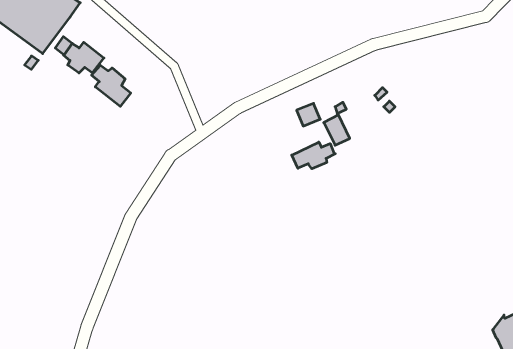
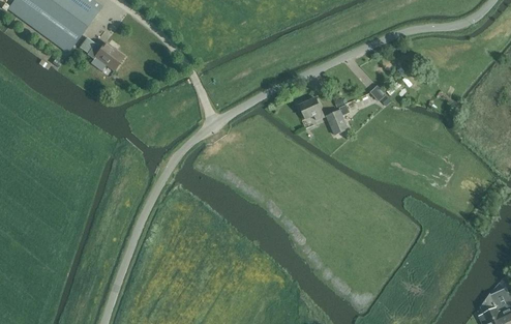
building: [92,64,131,106] -> none
building: [292,142,335,169] -> none

